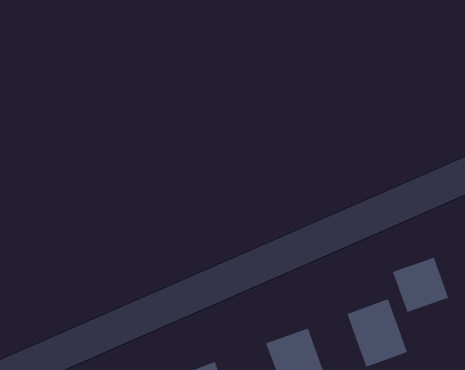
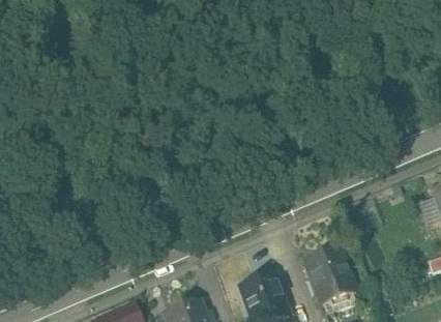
building: [392,257,449,313] -> none

